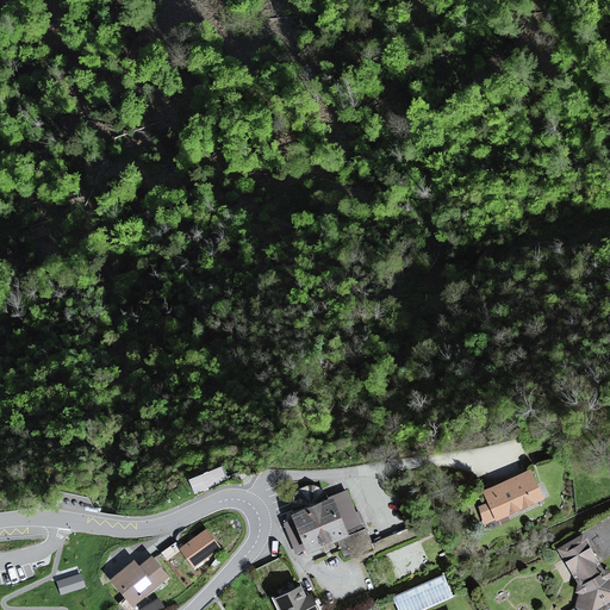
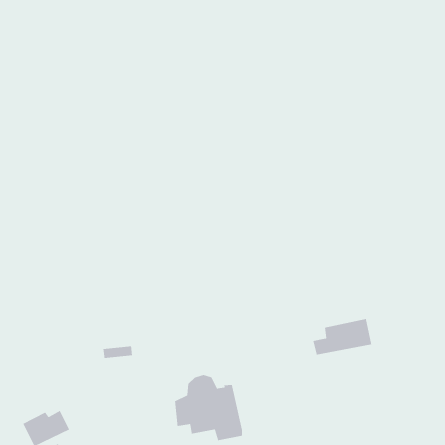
building: [475,469,546,523] -> [313,318,372,356]
building: [180,529,220,566] -> none

